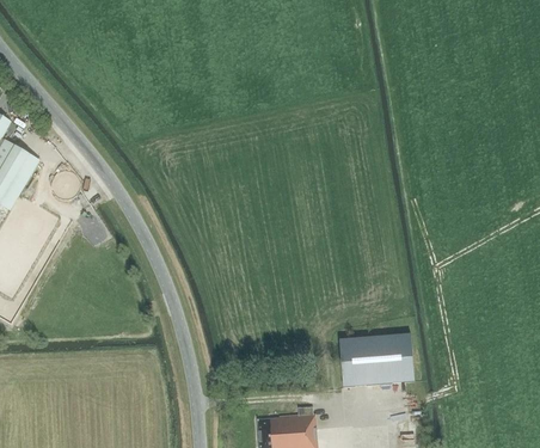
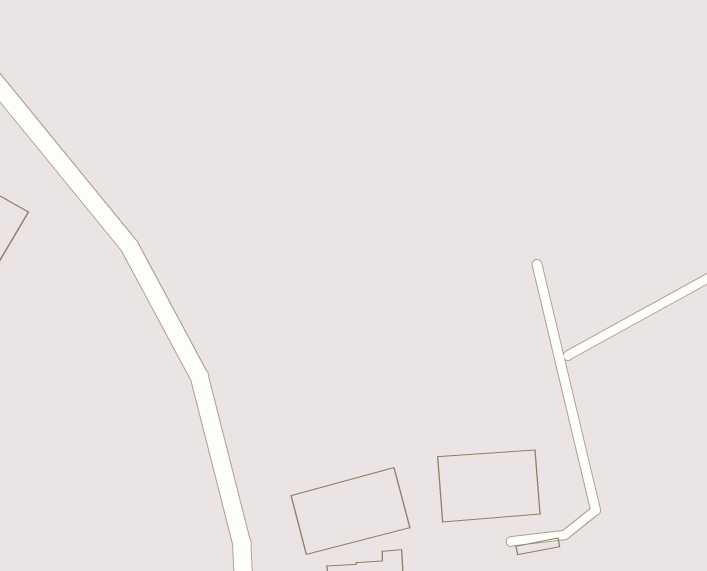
building: none -> [291,468,410,554]

